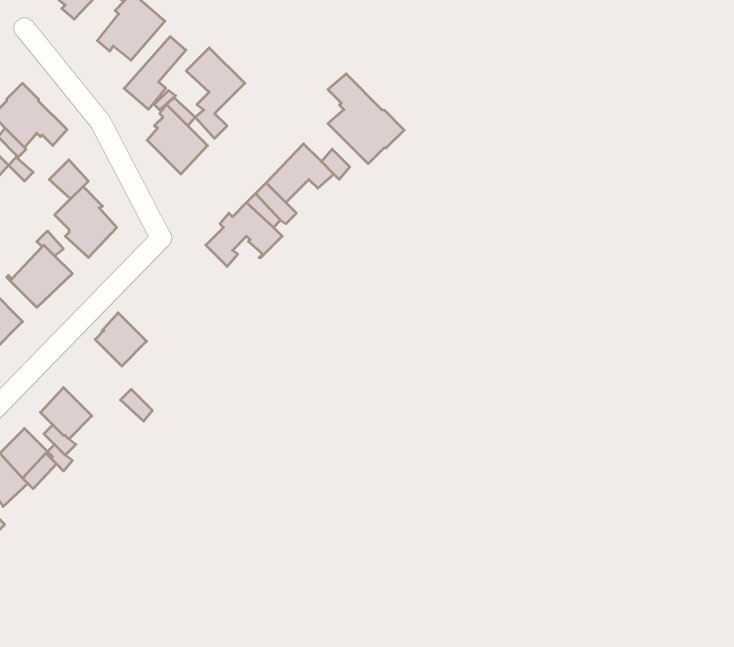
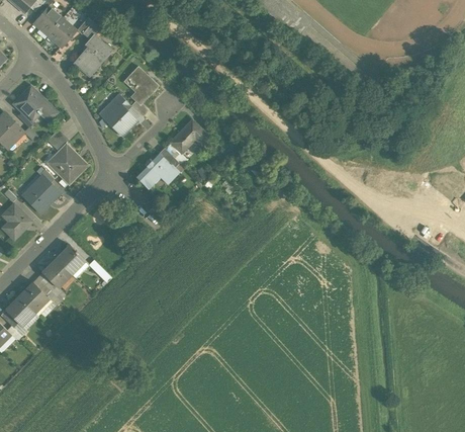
building: [124,37,186,109] -> none
building: [328,74,404,164] -> none
building: [95,313,147,366] -> [56,244,85,274]

